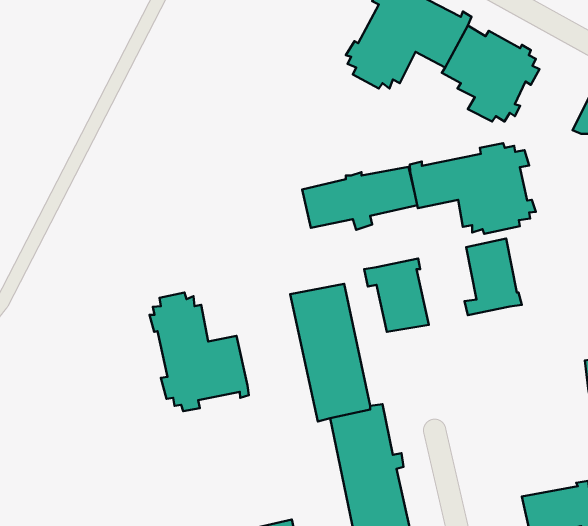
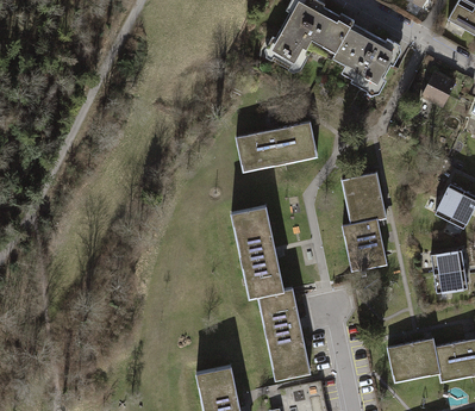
building: [410,143,536,234] -> none
building: [364,259,429,332] -> [342,219,386,269]
building: [150,293,249,411] -> none

